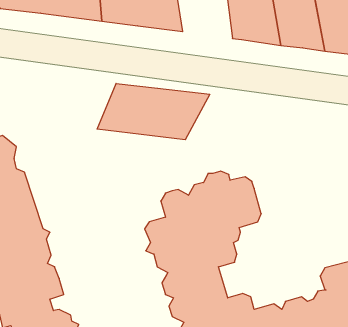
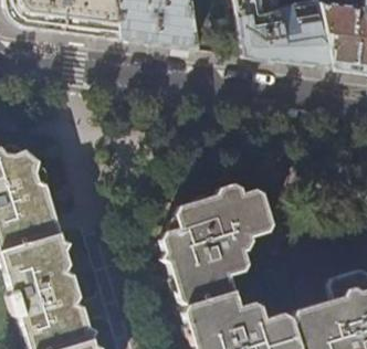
building: [97,83,210,140] -> none

